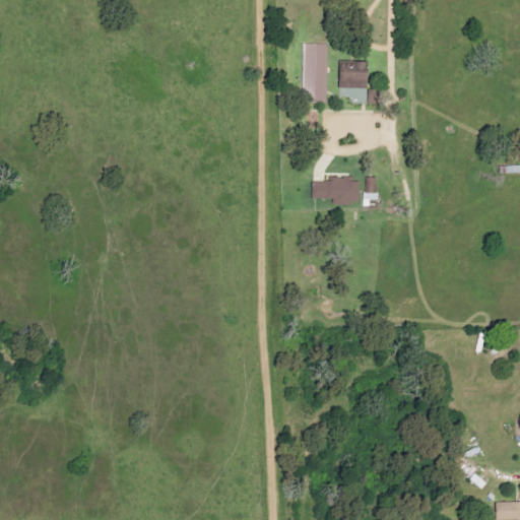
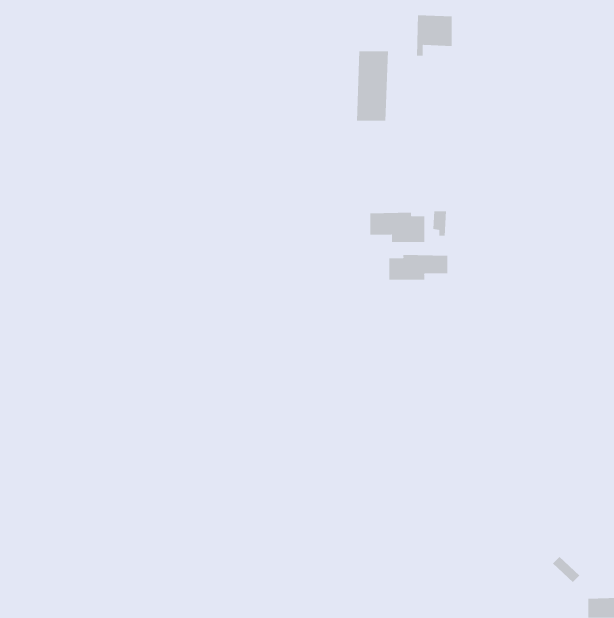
building: [336,61,367,95] -> [416,15,452,56]
building: none -> [389,254,448,281]

